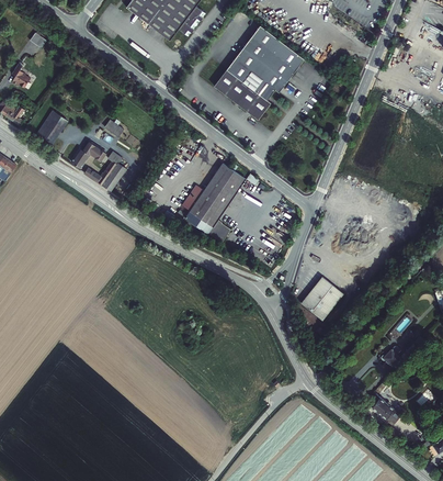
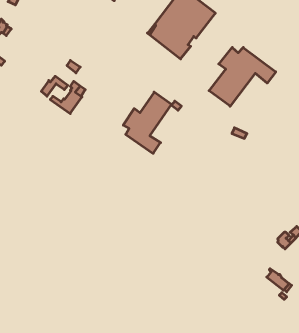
building: none -> [209,47,276,106]
building: [37,109,69,143] -> none
building: [299,277,342,321] -> none

